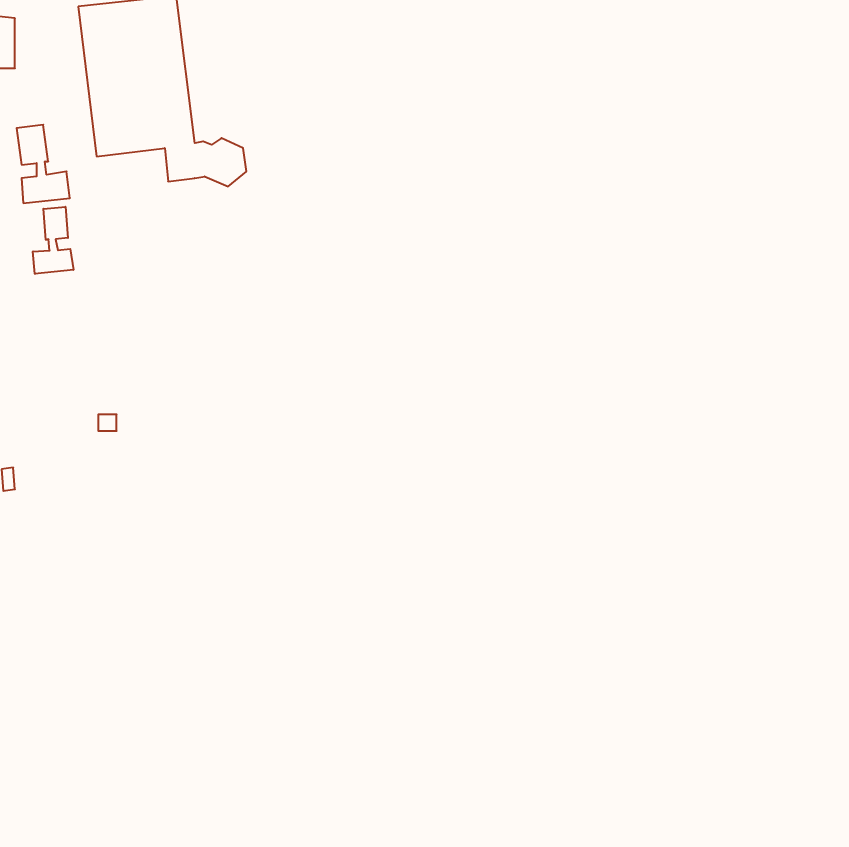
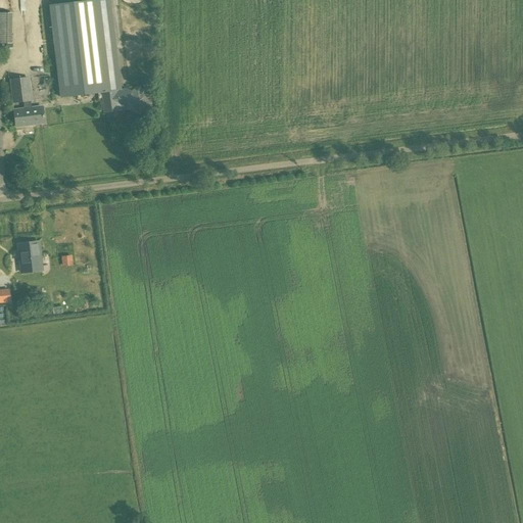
building: [33,207,73,274] -> none
building: none -> [18,242,40,270]

